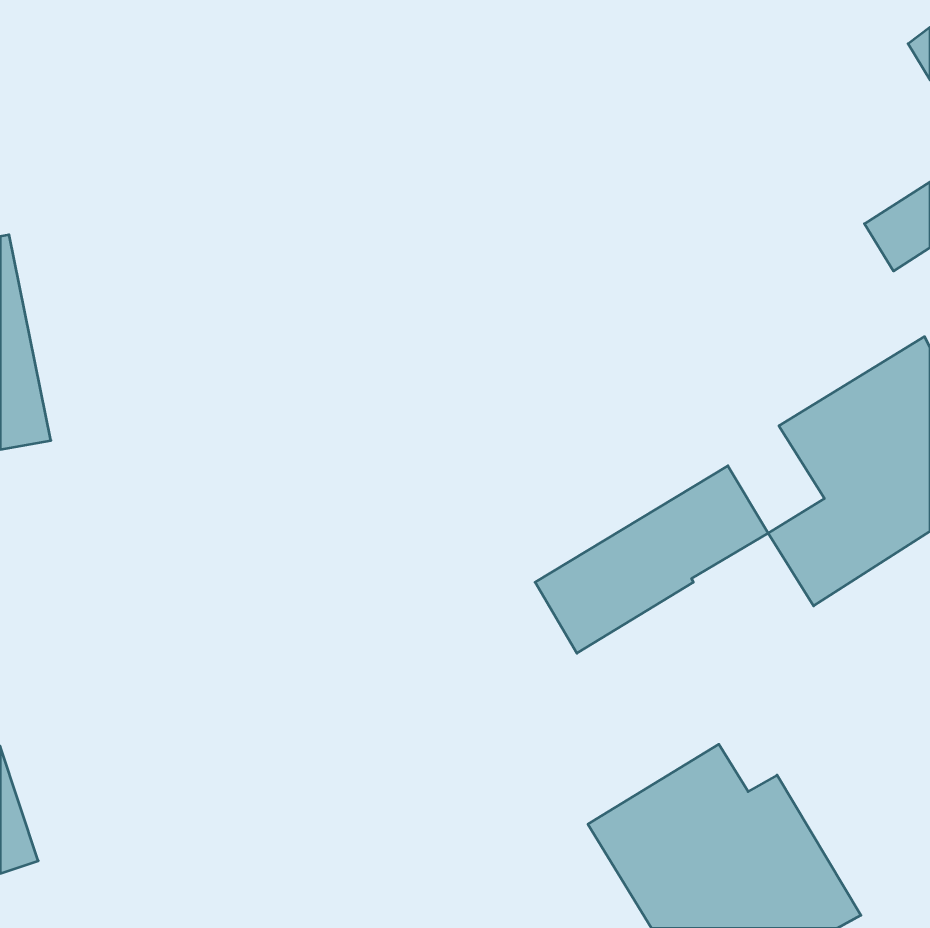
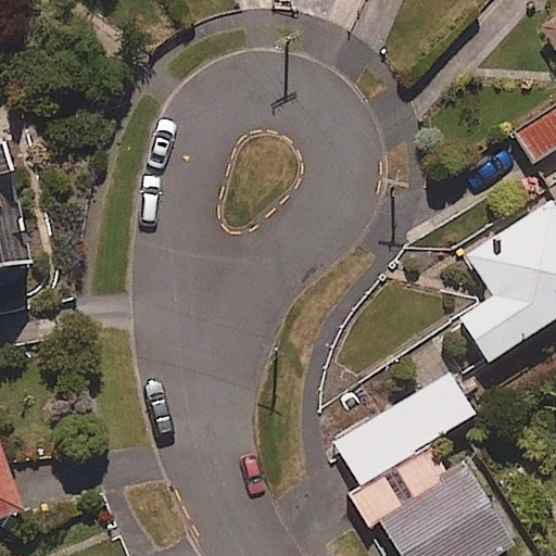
building: [535,466,768,653] -> [334,375,473,486]

